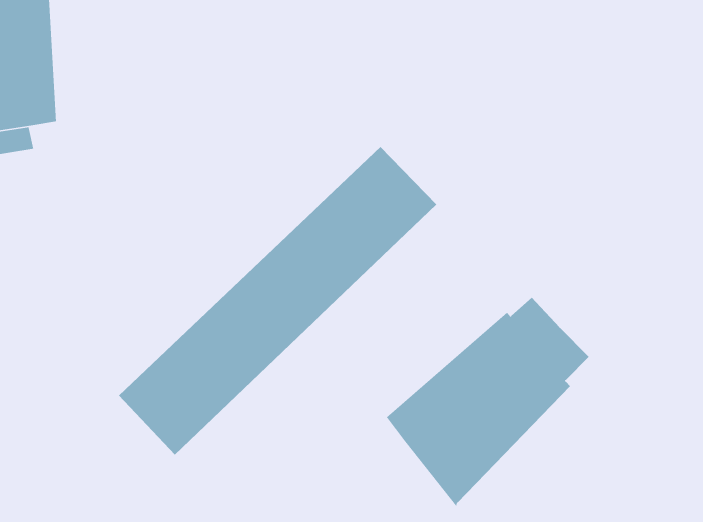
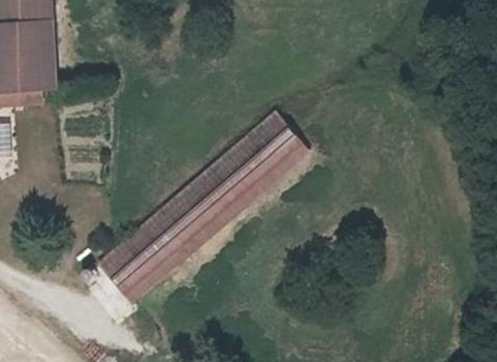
building: [386,297,589,507] -> none

